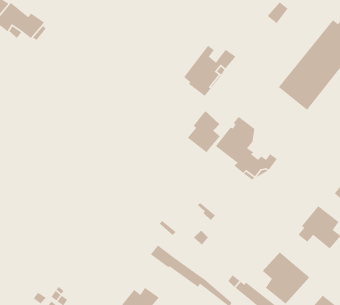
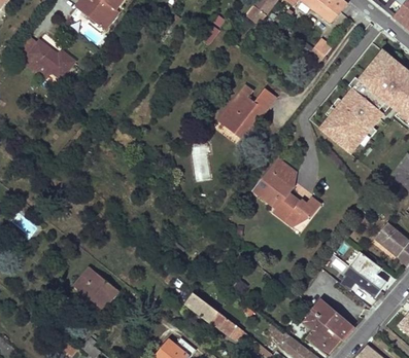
building: [187,110,221,153] -> none
building: none -> [74,267,117,309]

